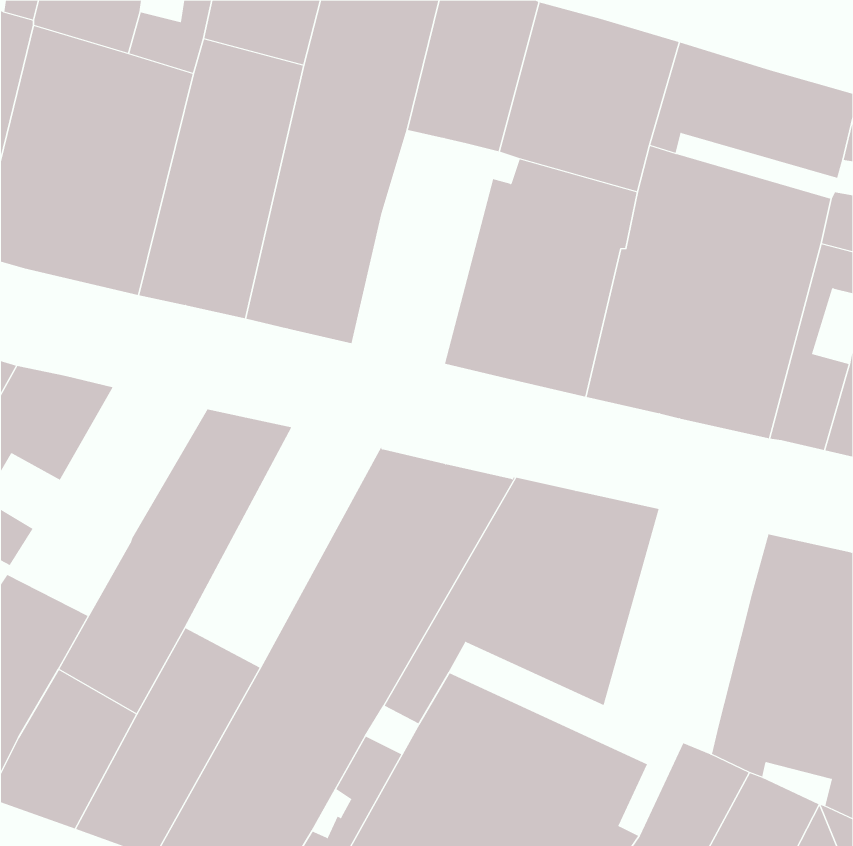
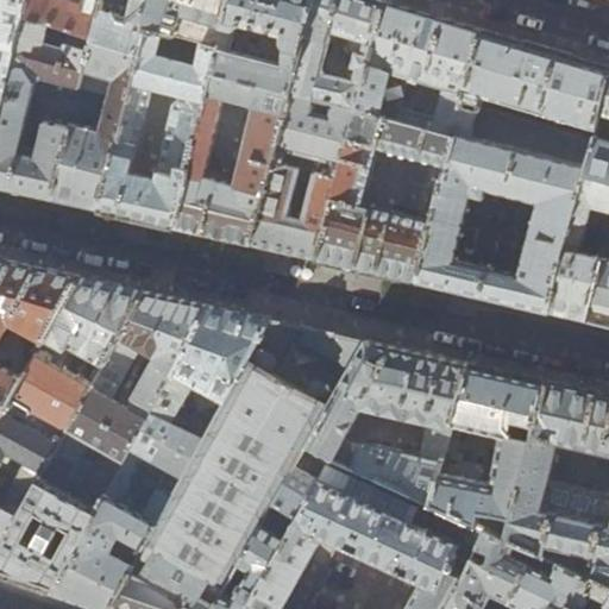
building: none -> [251,98,356,264]
building: none -> [5,281,147,444]
building: none -> [132,309,271,481]
building: none -> [431,368,547,529]

